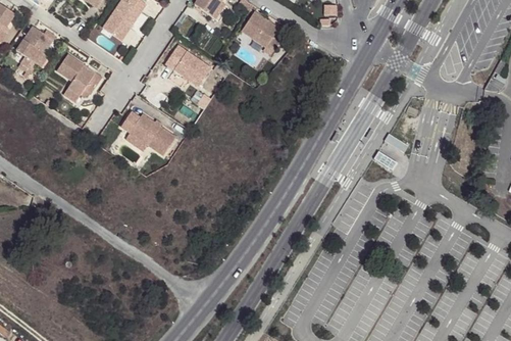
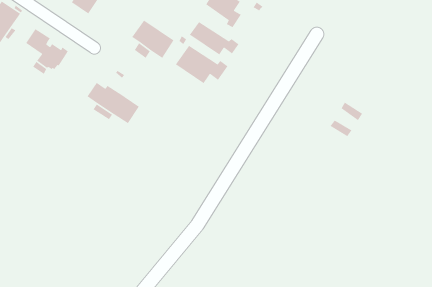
building: none -> [189,21,240,55]
building: none -> [175,45,228,84]

